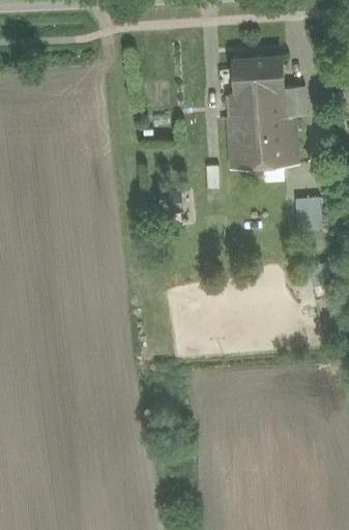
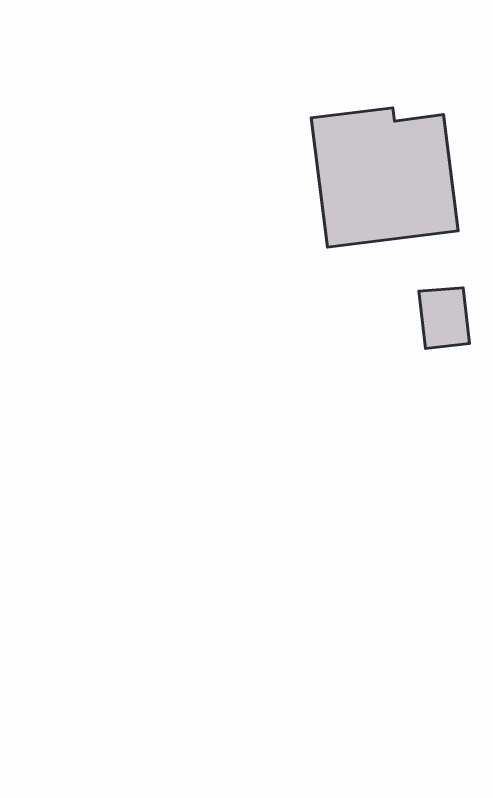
building: [224,52,289,92] -> none

